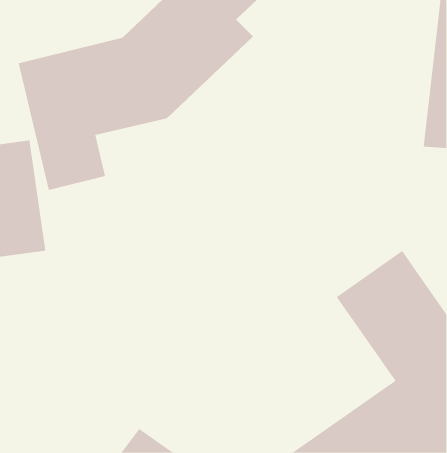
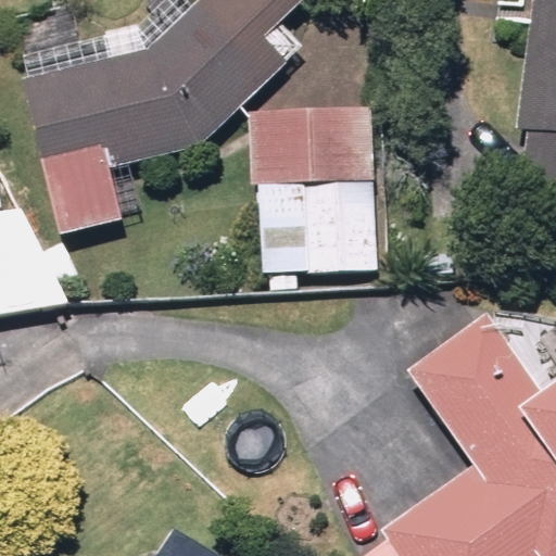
building: none -> [247,112,378,273]

